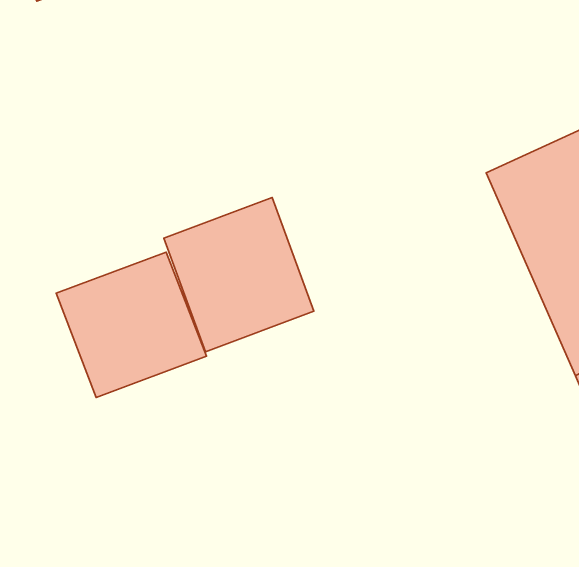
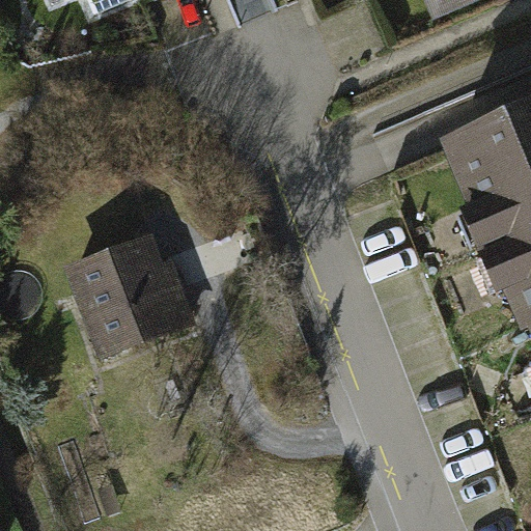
building: [164,197,314,352] -> none

